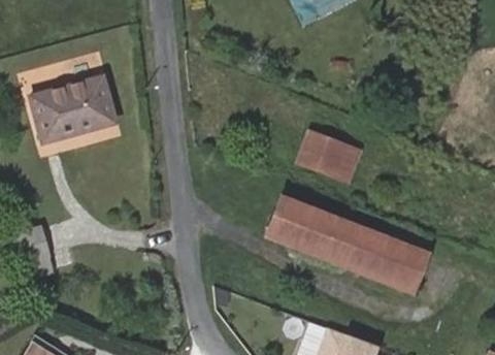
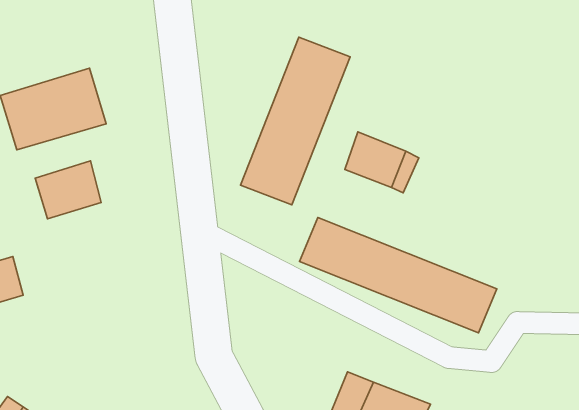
building: none -> [241,37,350,205]
building: none -> [35,161,101,219]

